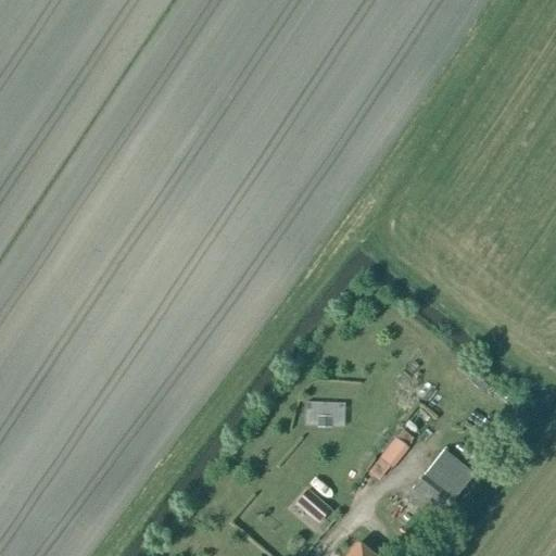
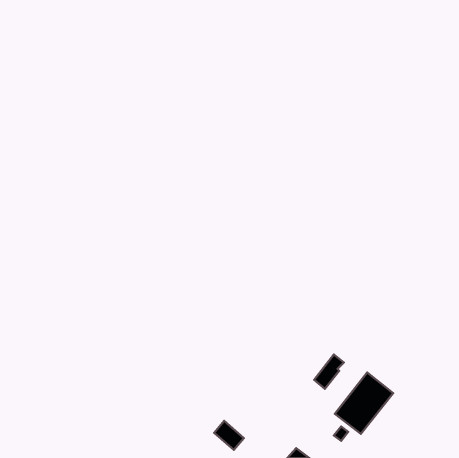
building: [306,401,346,425] -> none
building: [295,490,331,525] -> [214,421,244,450]

